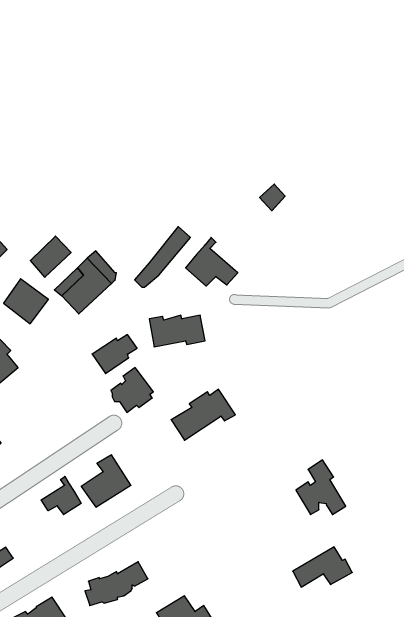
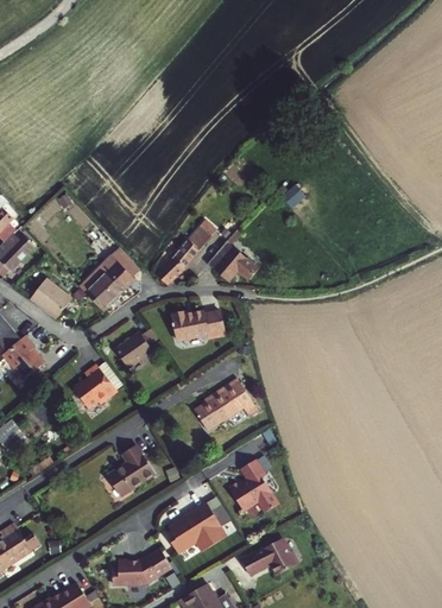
building: [30,236,71,277] -> none
building: [111,368,153,412] -> [71,365,113,408]
building: [296,460,346,515] -> [228,461,277,514]
building: [41,476,81,515] -> none
building: none -> [168,506,226,557]
building: [293,547,352,587] -> [240,537,298,576]

